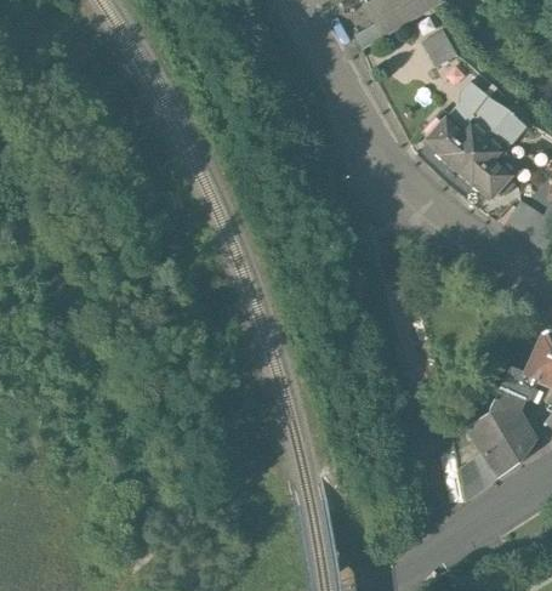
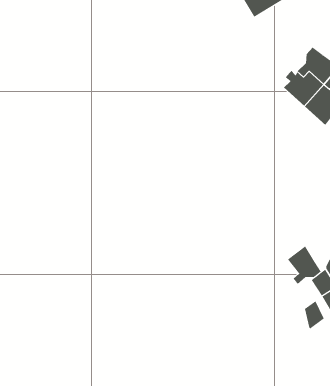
building: [420,30,456,67] -> none
building: none -> [287,246,322,285]

